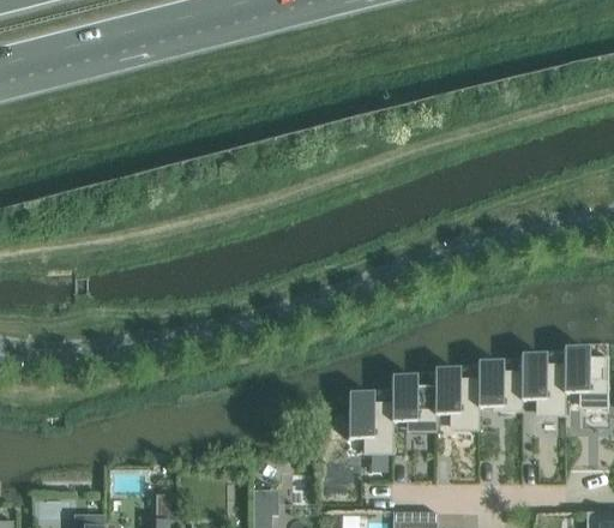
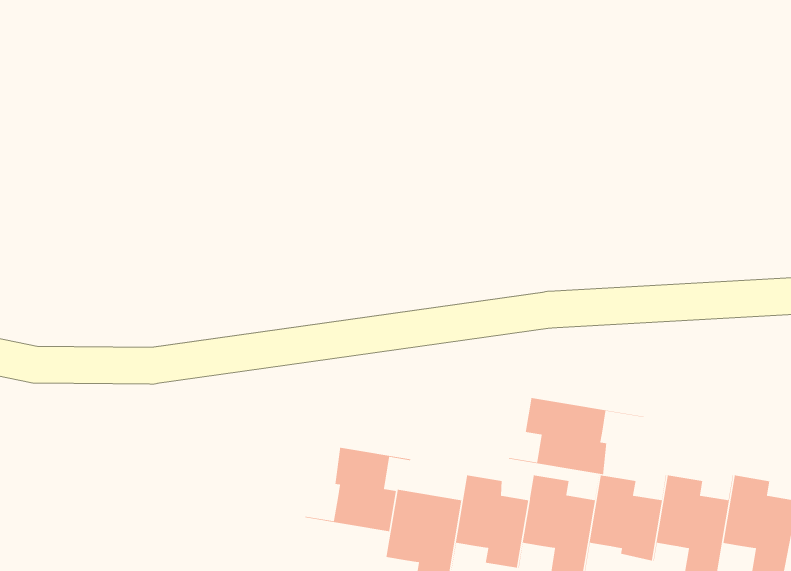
building: none -> [508,397,644,475]
building: none -> [304,447,411,532]

